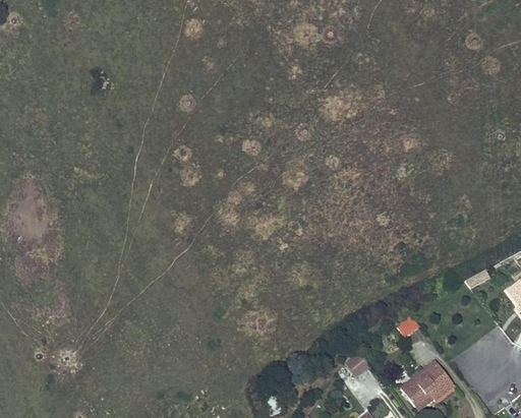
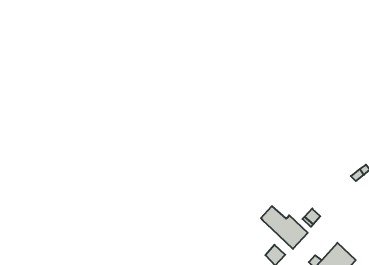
building: none -> [261,206,308,249]

